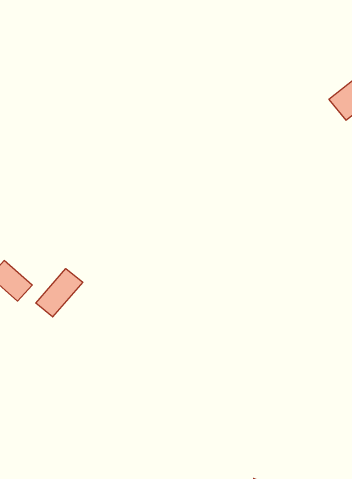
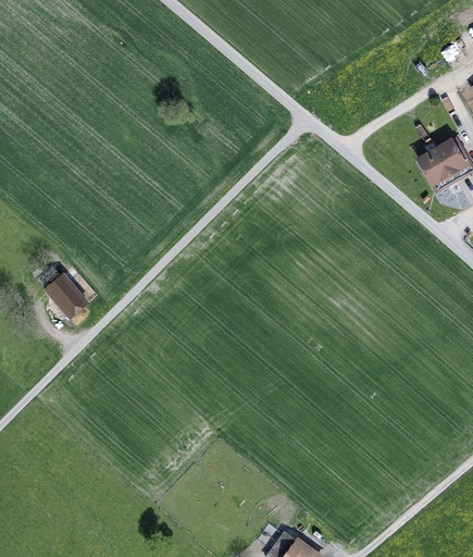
building: [36,269,83,317] -> none

